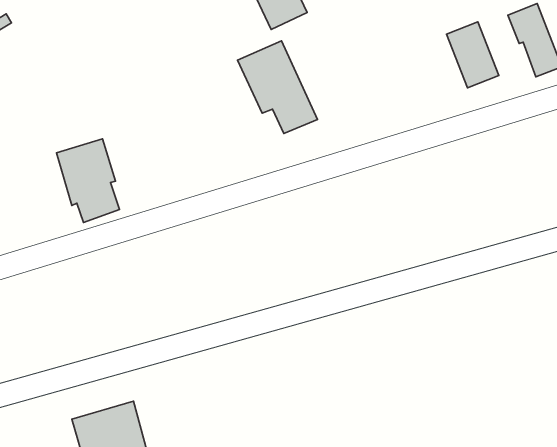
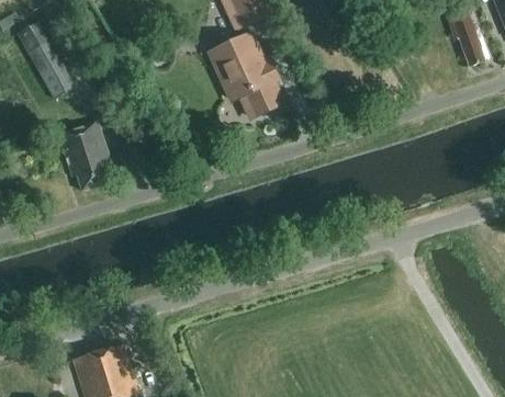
building: [447,22,499,88] -> none
building: none -> [18,22,78,101]

